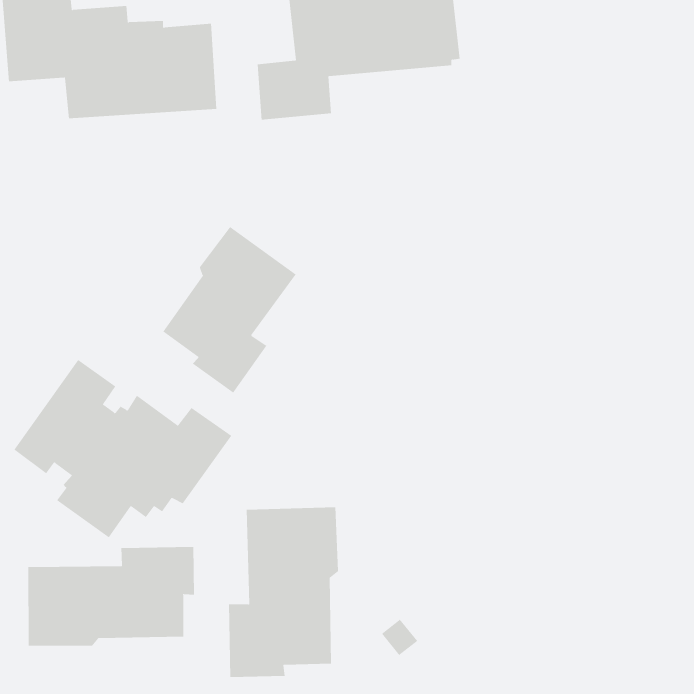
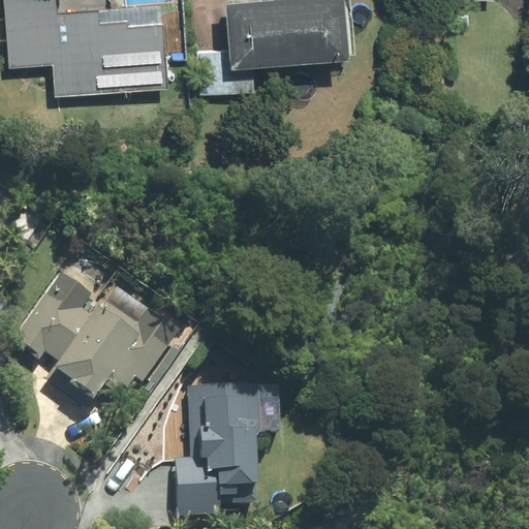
building: [163,226,296,394] -> none
building: [28,546,195,646] -> none

